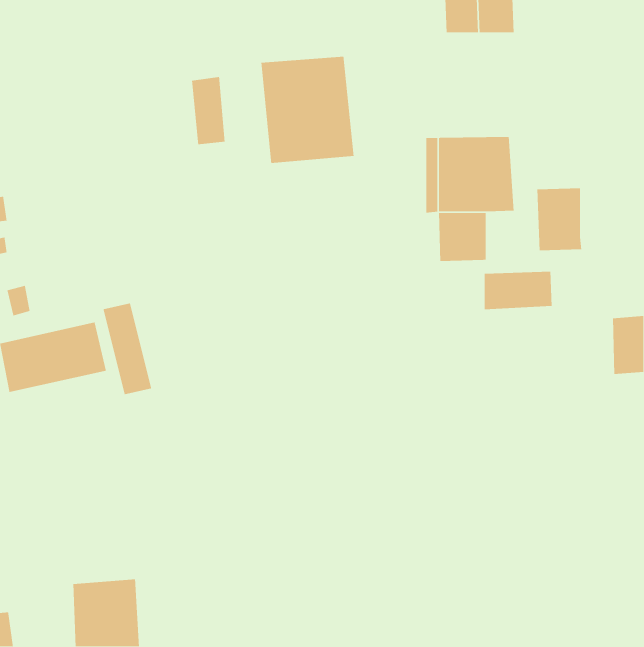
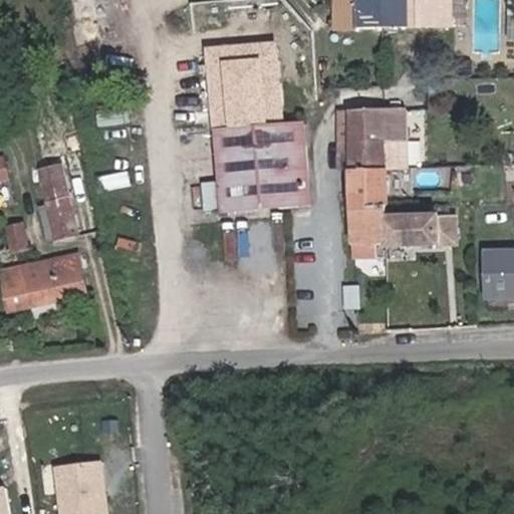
building: [191,76,225,145] -> none
building: none -> [214,121,307,210]
building: [536,188,582,251] -> [347,206,383,256]
building: [103,302,152,395] -> [37,165,76,238]

